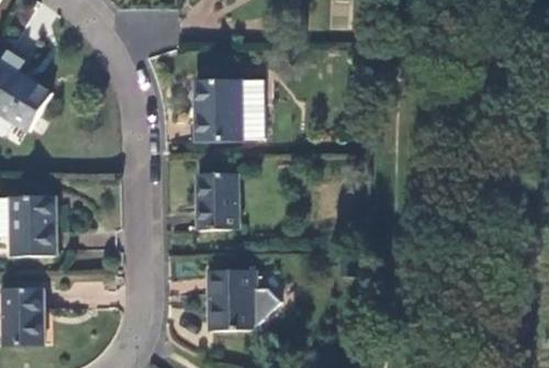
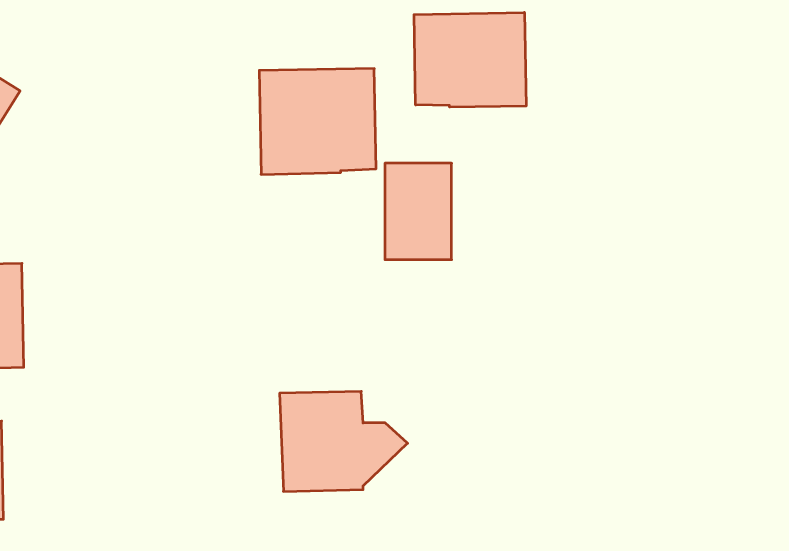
building: none -> [414,12,526,107]
building: [198,174,237,231] -> [385,163,452,260]

